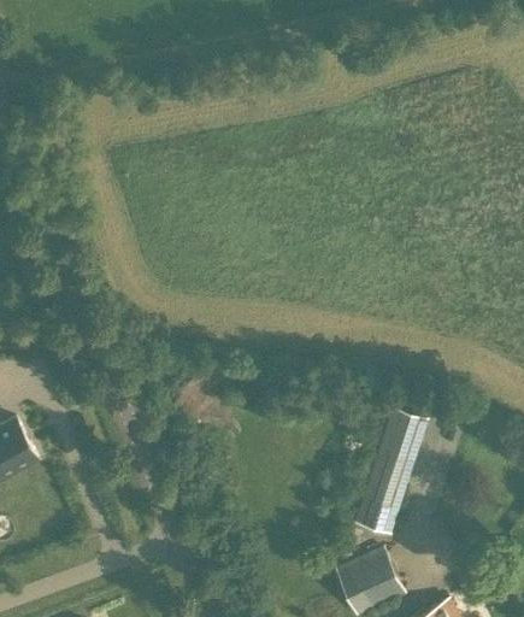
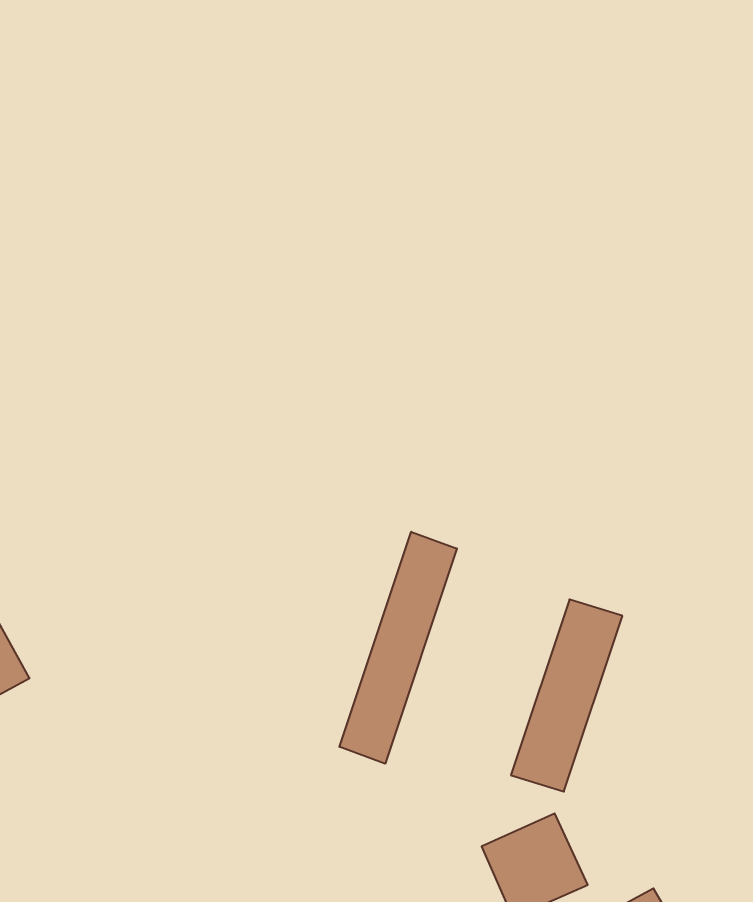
building: none -> [339,532,457,764]

